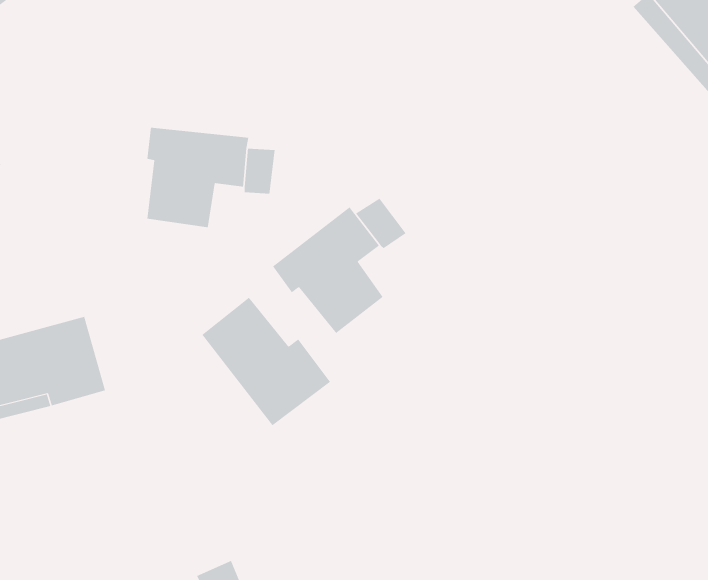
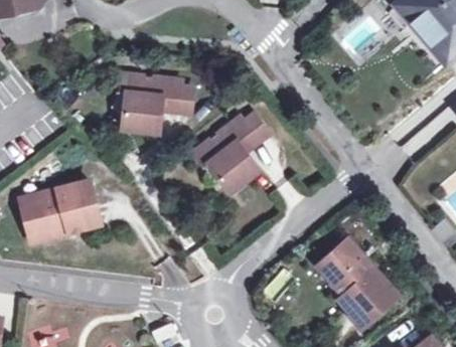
building: [202,297,331,426] -> none
building: none -> [316,239,395,327]

